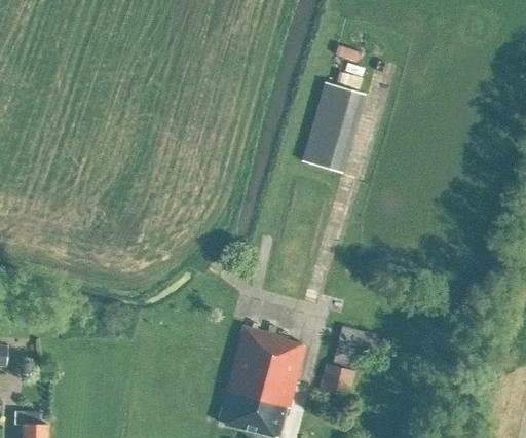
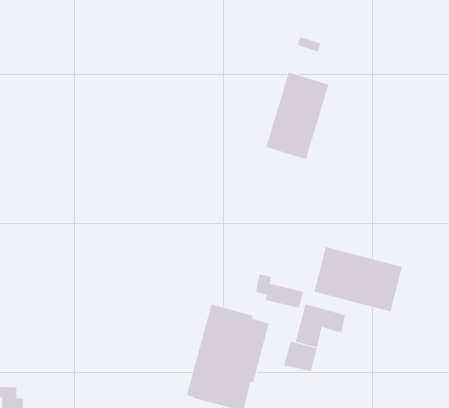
building: none -> [314,246,402,312]
building: none -> [255,273,304,308]

